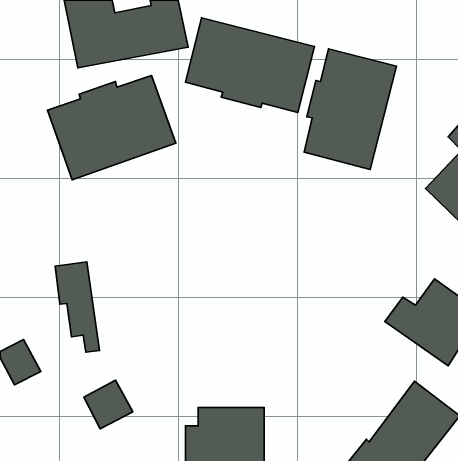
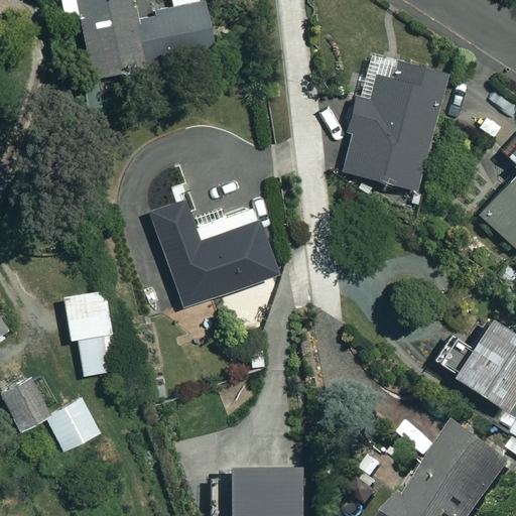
building: [186,18,315,112] -> none
building: [48,75,176,180] -> none
building: none -> [150,200,273,306]
building: [84,380,133,429] -> [48,399,103,454]

